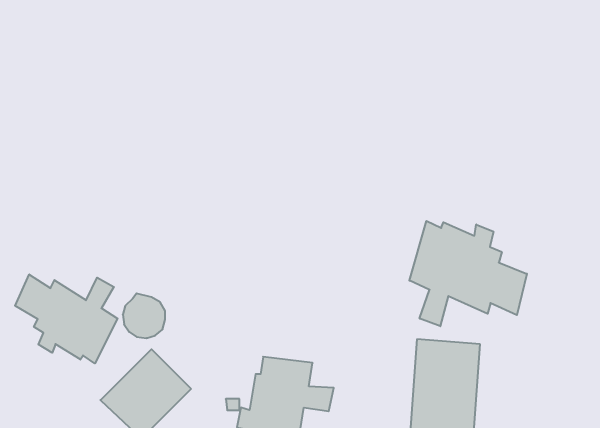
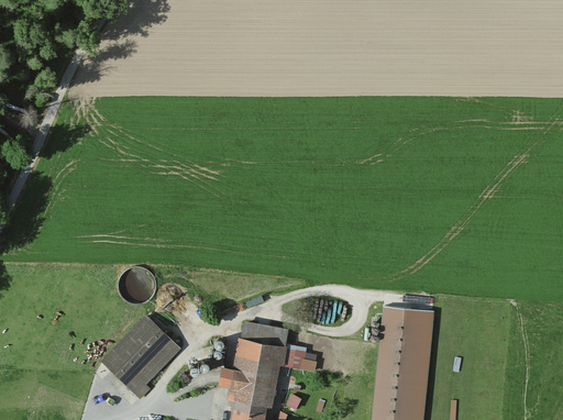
building: [409,221,527,326] -> none
building: [15,274,118,363] -> none

